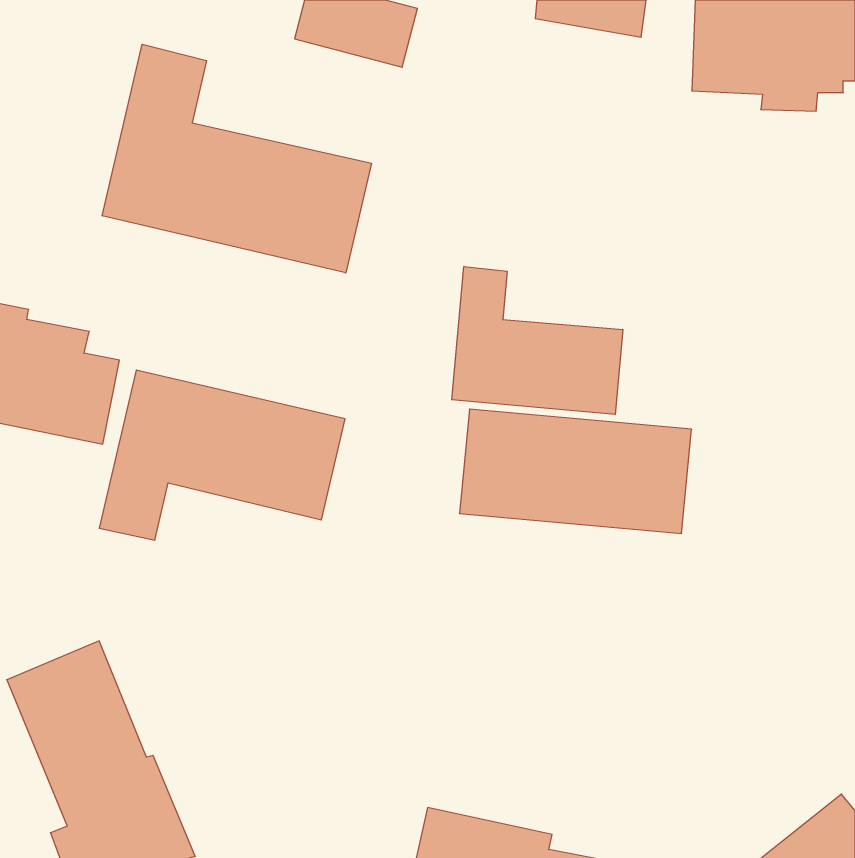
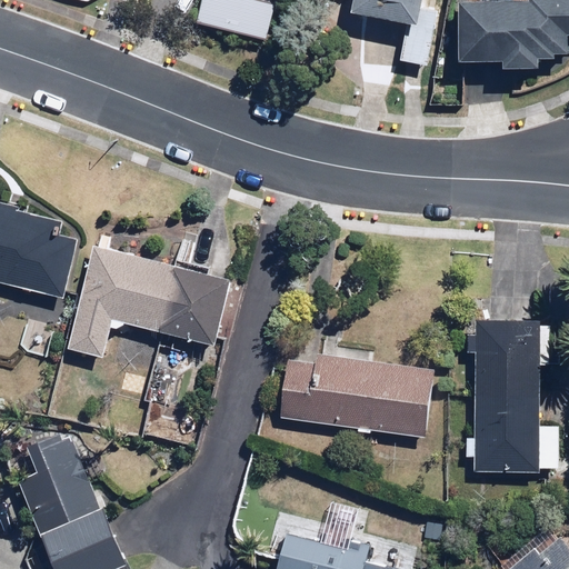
building: [102,44,371,273] -> none
building: [452,266,623,415] -> none
building: [459,409,692,534] -> [281,352,435,435]
building: none -> [465,316,558,472]

